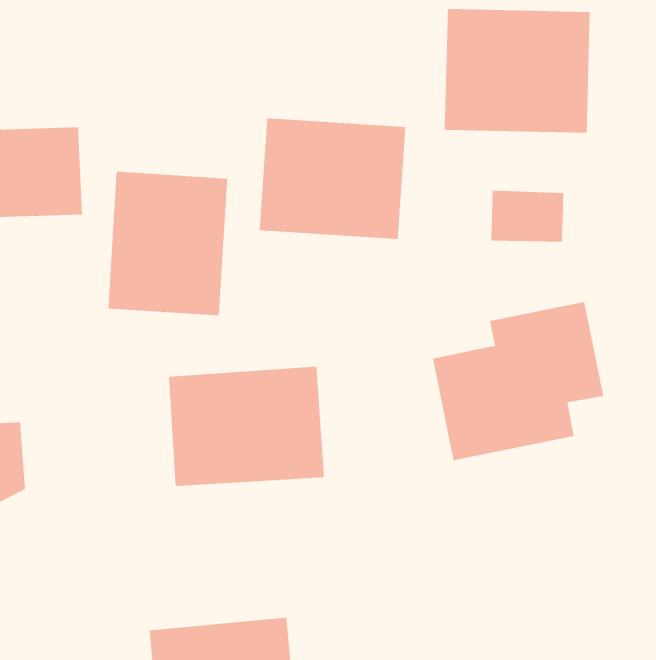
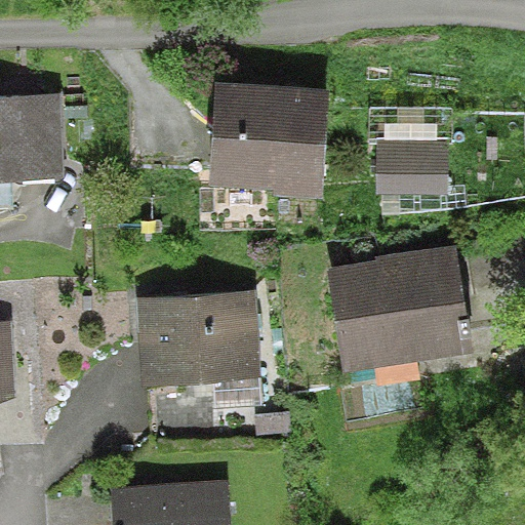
building: [444,8,590,134] -> none
building: [108,171,228,316] -> none

